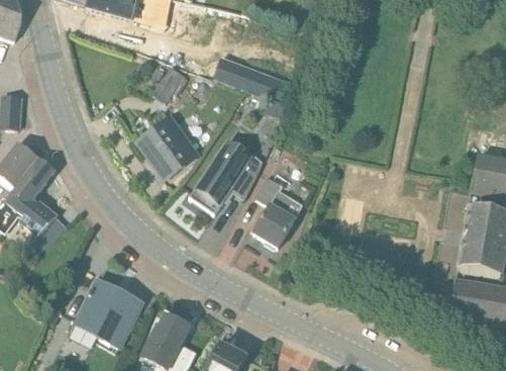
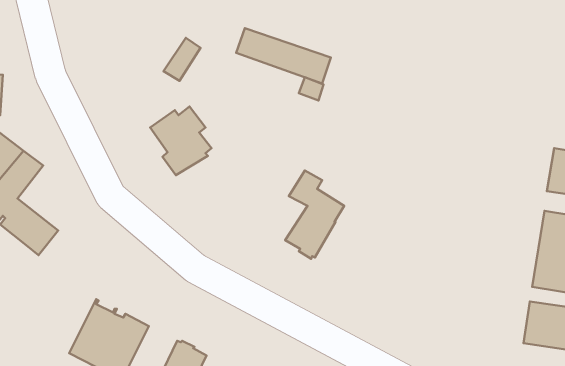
building: [189,140,262,213] -> none

